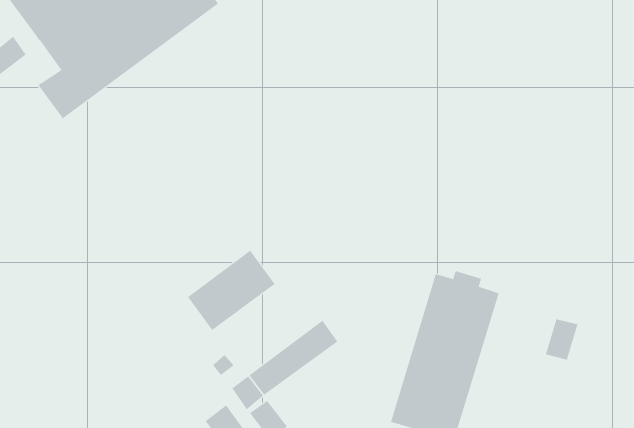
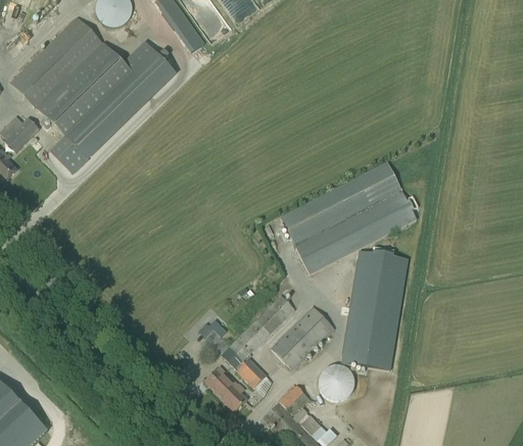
building: none -> [281,161,417,272]
building: [187,250,275,331] -> [272,305,335,368]
building: [545,318,578,360] -> none

